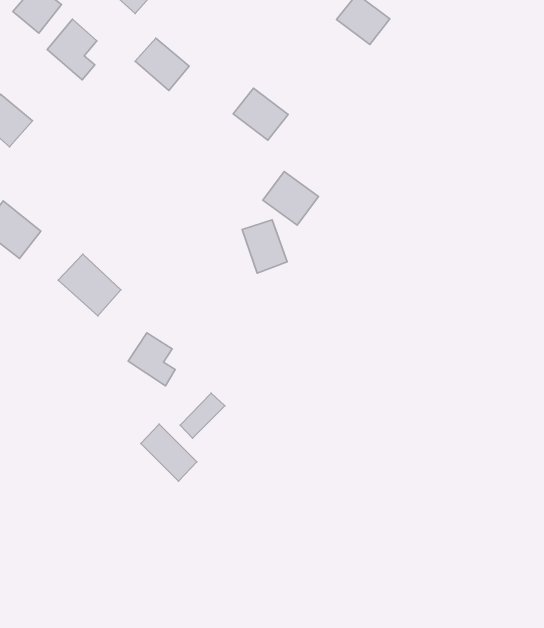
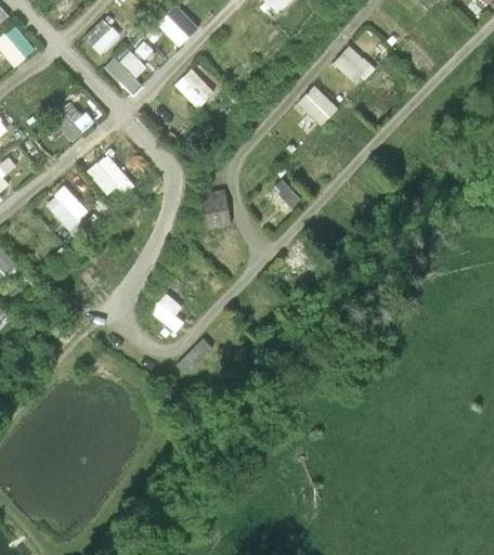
building: [233,88,288,140] -> [296,86,338,127]
building: [242,220,287,273] -> [198,191,231,231]
building: [58,254,121,316] -> [84,149,132,197]
building: [141,424,197,481] -> none

